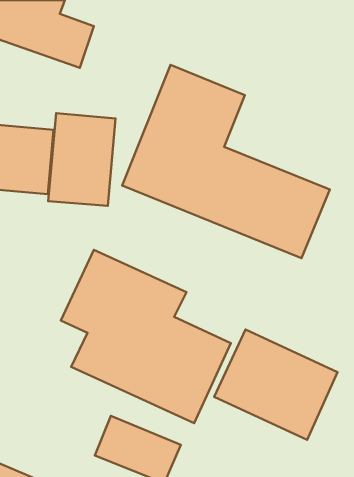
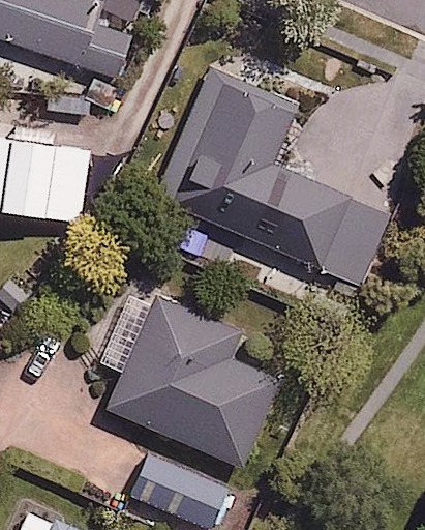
building: [48,113,116,206] -> none
building: [214,330,338,440] -> none

